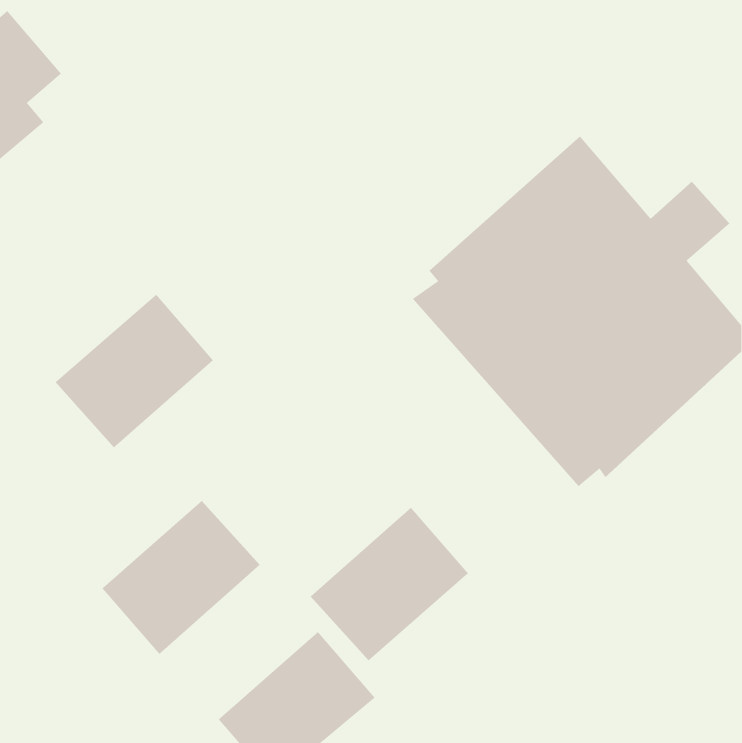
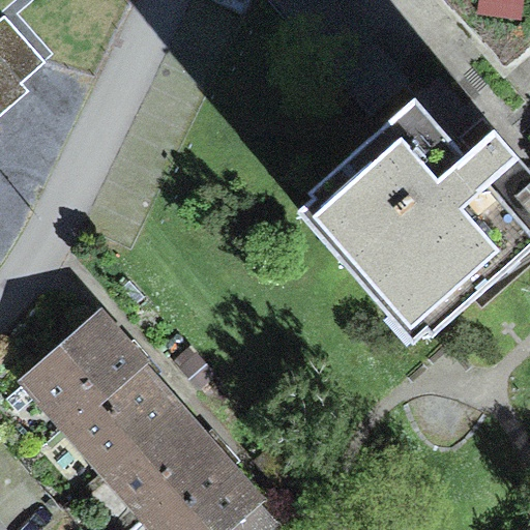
building: [55,294,214,448] -> [30,312,142,420]
building: [310,507,469,661] -> [112,404,224,512]

